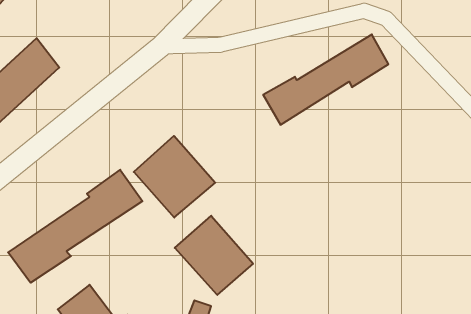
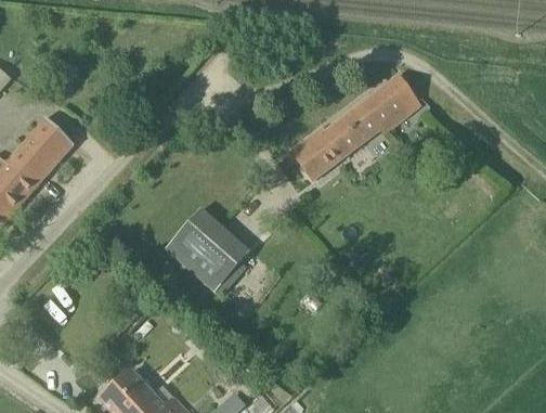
building: [8,170,142,283] -> none
building: [175,216,253,295] -> none

